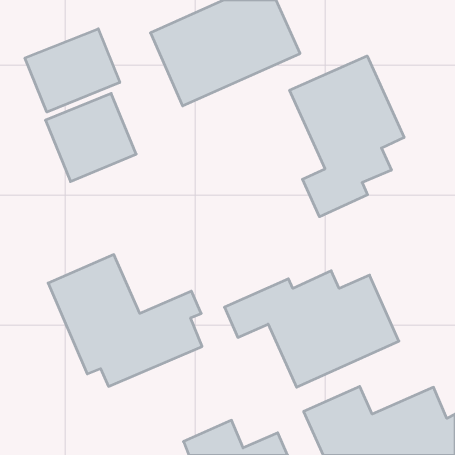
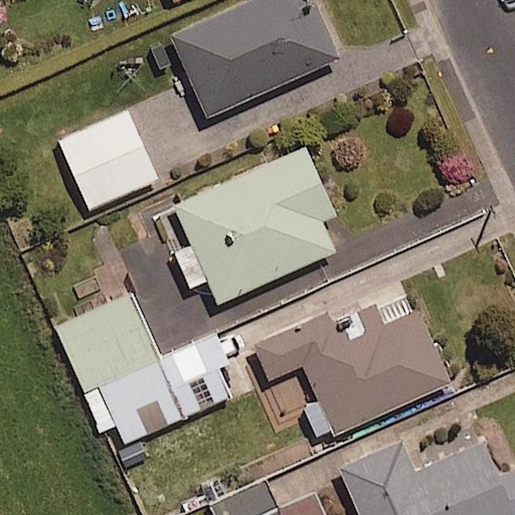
building: [25,29,120,112] -> none
building: [290,56,404,217] -> none
building: none -> [173,148,335,306]

